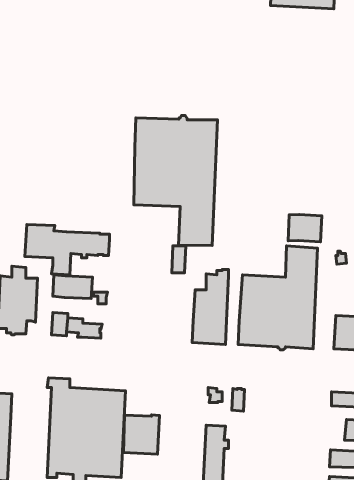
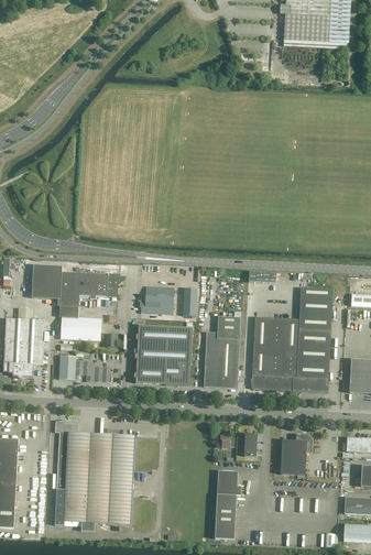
building: [134,115,217,246] -> none
building: [288,215,322,242] -> none
building: none -> [137,285,174,314]
building: none -> [134,324,193,384]
building: none -> [281,434,313,475]
building: [124,415,160,454] -> none

